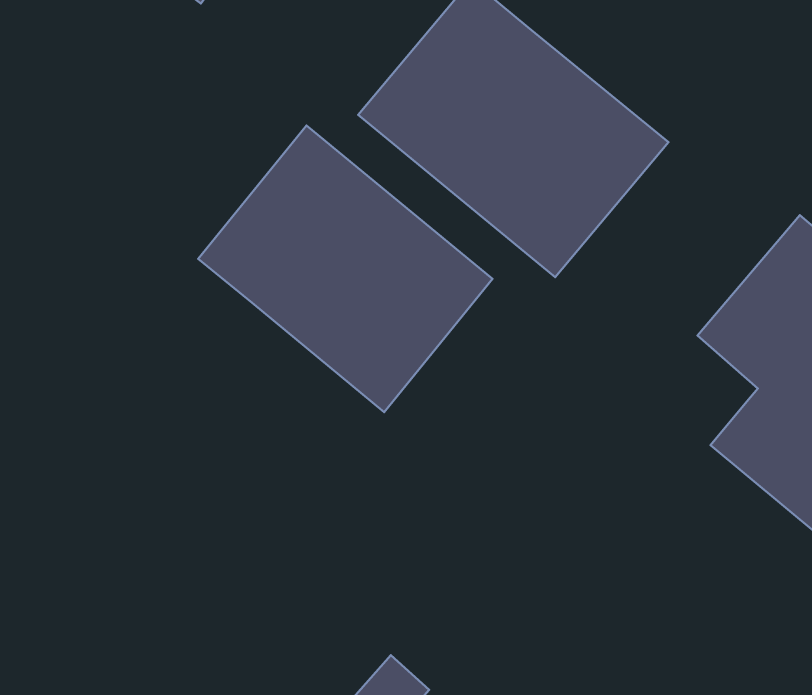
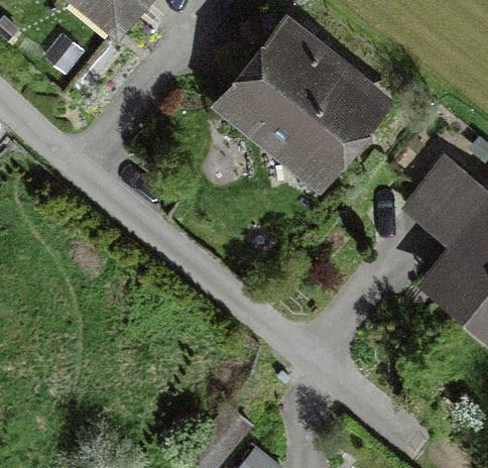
building: [198,125,492,412] -> none

